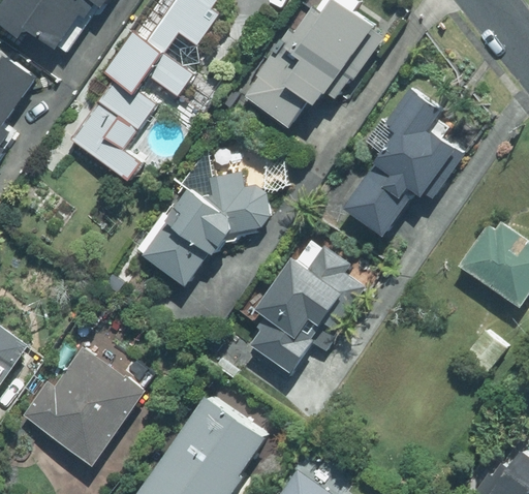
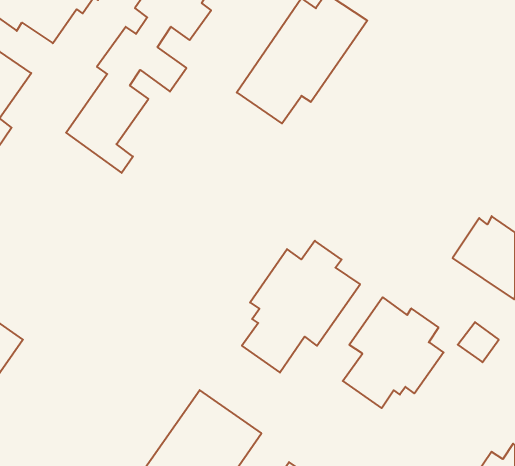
building: [344,88,457,236] -> none
building: [136,172,270,285] -> none
building: none -> [343,297,444,408]
building: [21,347,145,466] -> none

